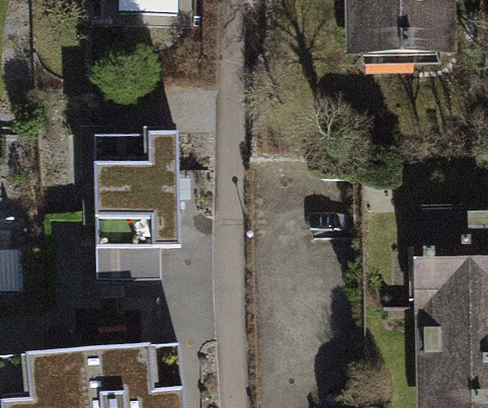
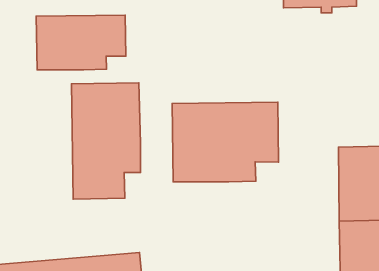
building: none -> [36,15,126,70]
building: none -> [172,102,279,182]

